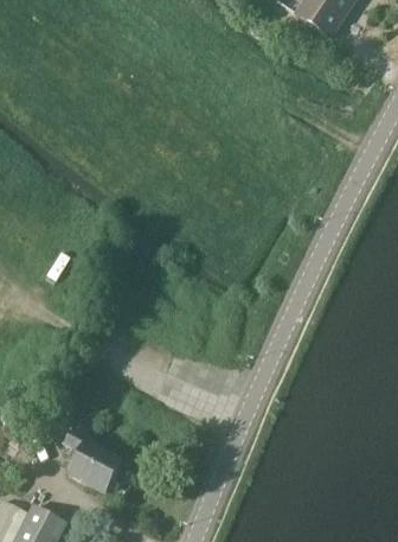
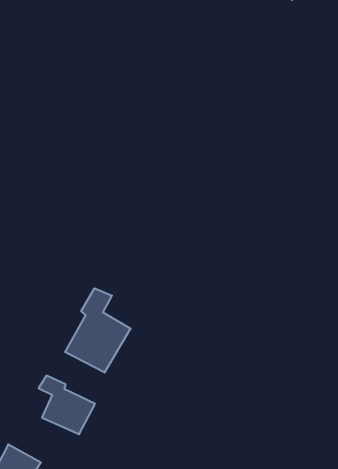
building: none -> [65,288,131,373]

